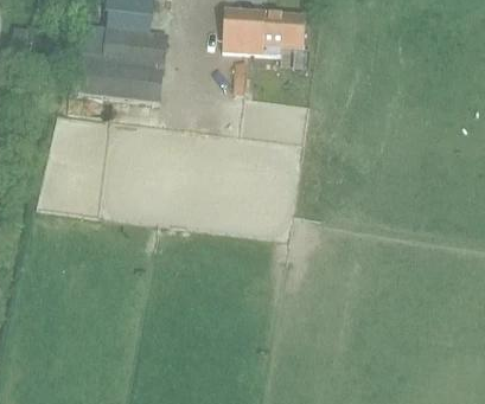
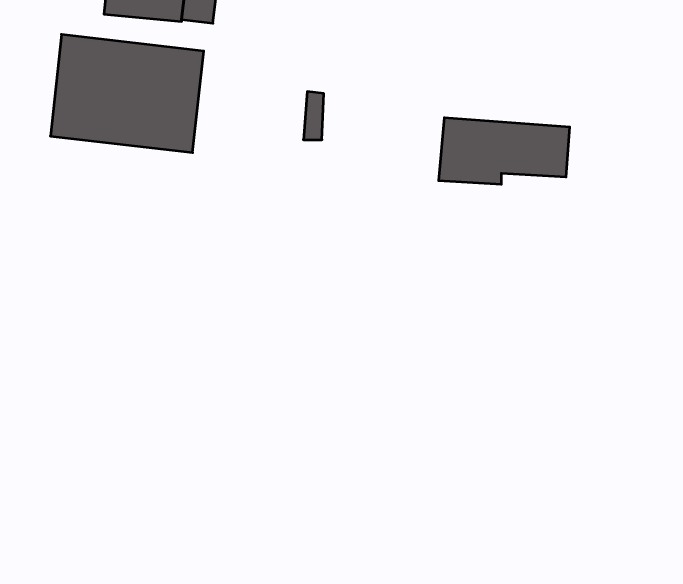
building: [219,8,304,51] -> [439,118,570,184]

